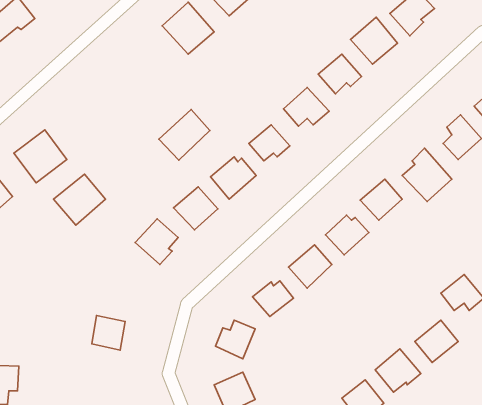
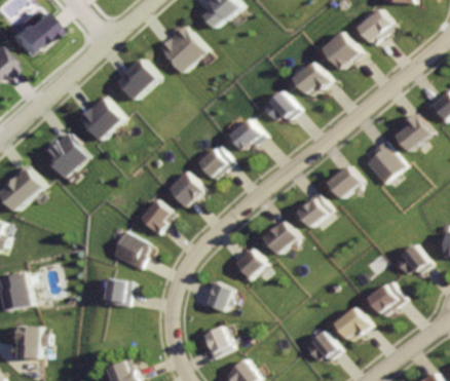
building: [159,109,210,160] -> [120,60,162,102]
building: [54,174,106,225] -> [81,99,124,141]
building: none -> [109,231,149,272]

